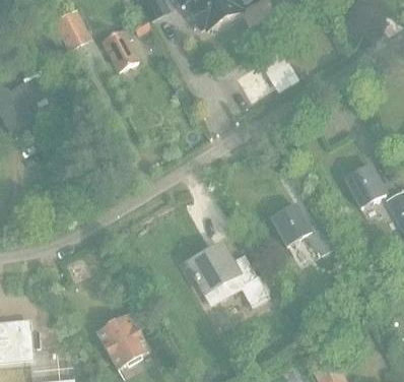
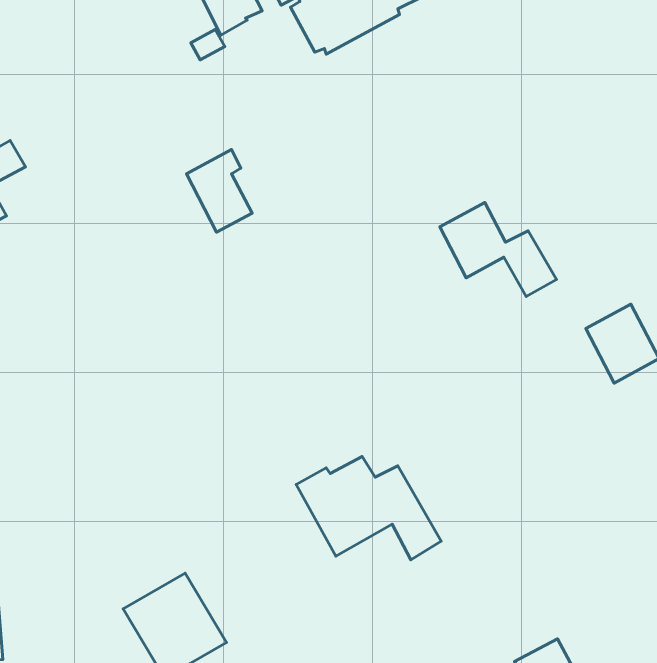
building: [55,9,90,47] -> none
building: [103,26,138,71] -> [186,149,252,232]
building: [271,205,334,256] -> [440,203,556,297]

